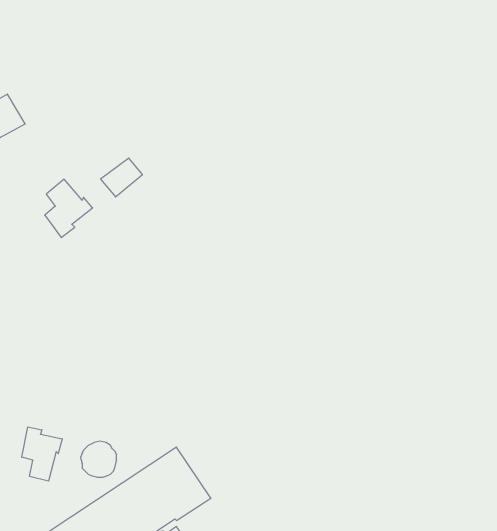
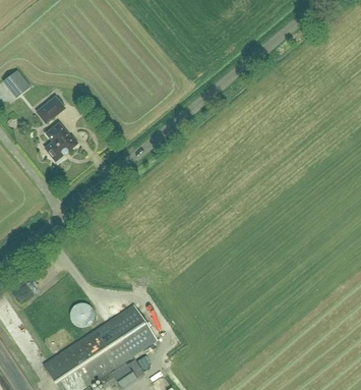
building: [101,158,142,197] -> [36,97,64,123]
building: [22,427,62,481] -> none

